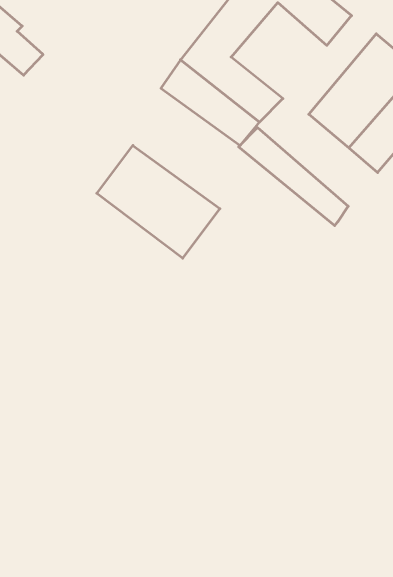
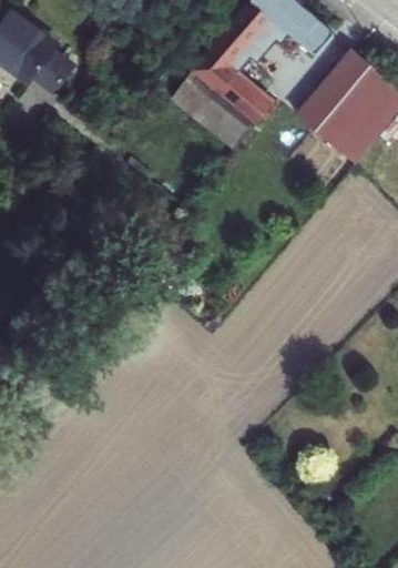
building: [239,128,348,226] -> none
building: [97,145,220,258] -> none

